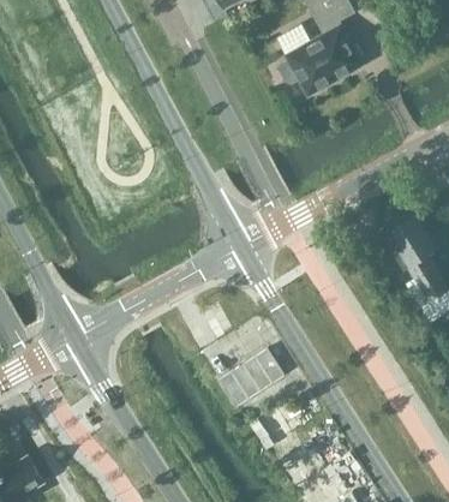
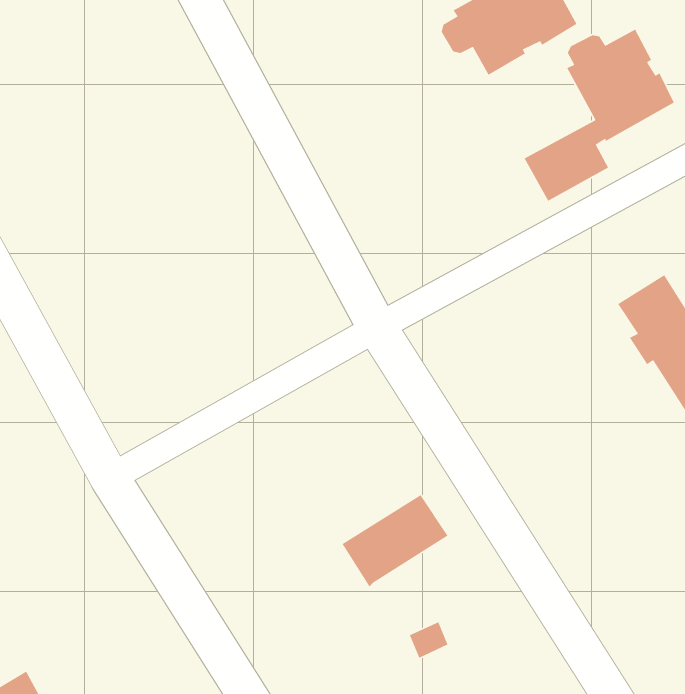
building: none -> [524,29,675,202]

